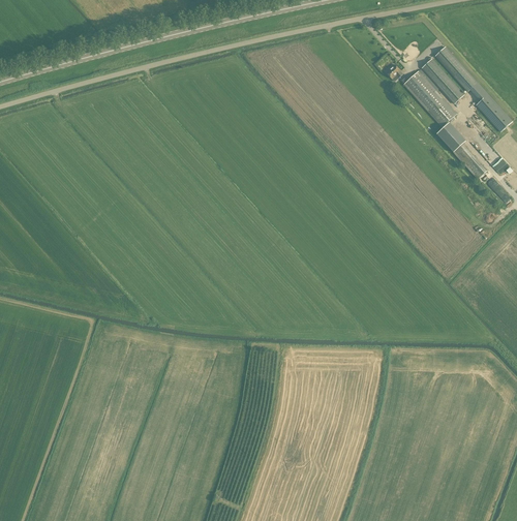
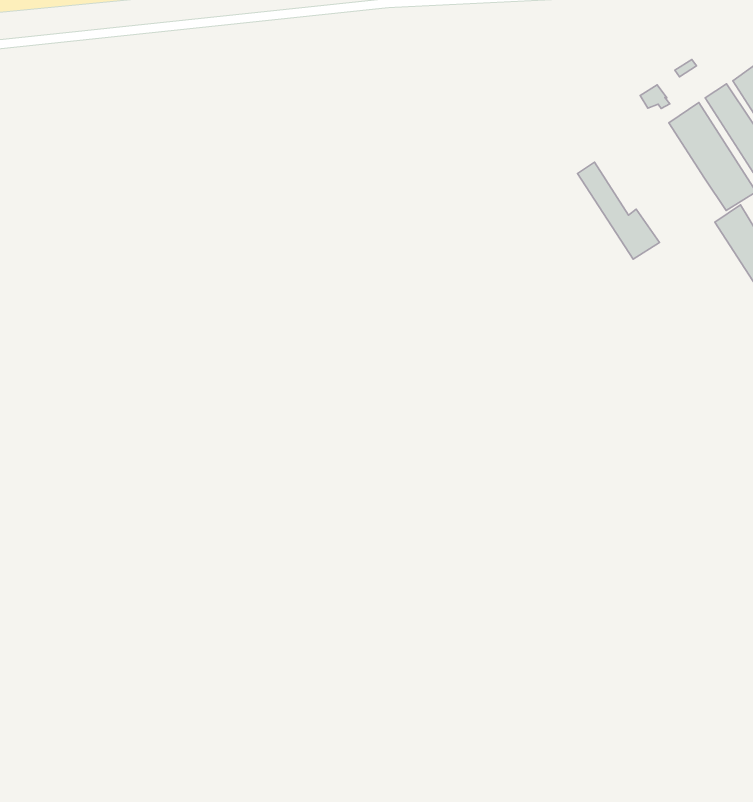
building: none -> [578,162,660,259]

